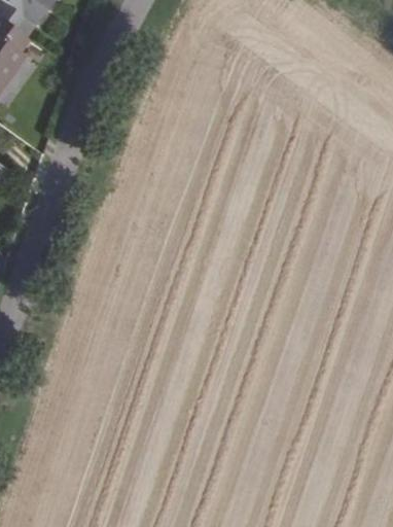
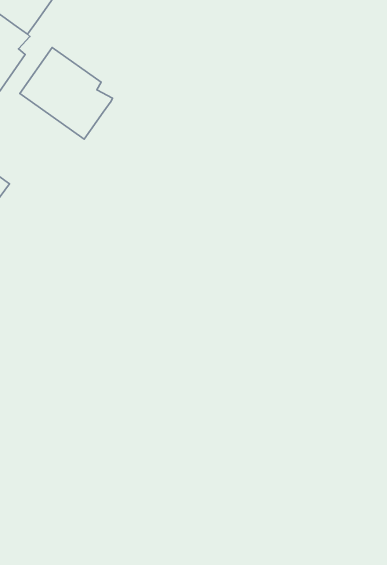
building: none -> [20,48,112,139]

